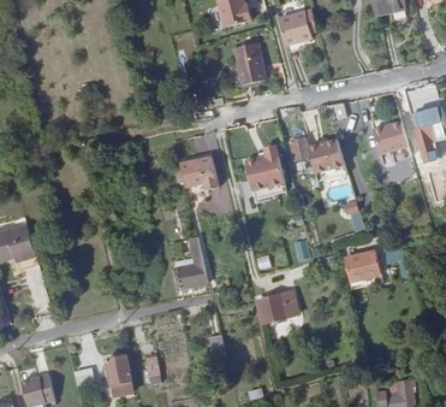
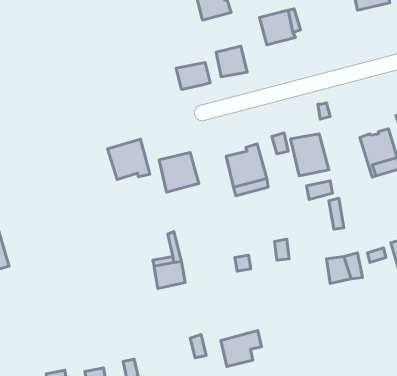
building: none -> [176,62,210,90]
building: none -> [107,139,150,180]
building: [256,284,296,319] -> [221,331,262,366]

